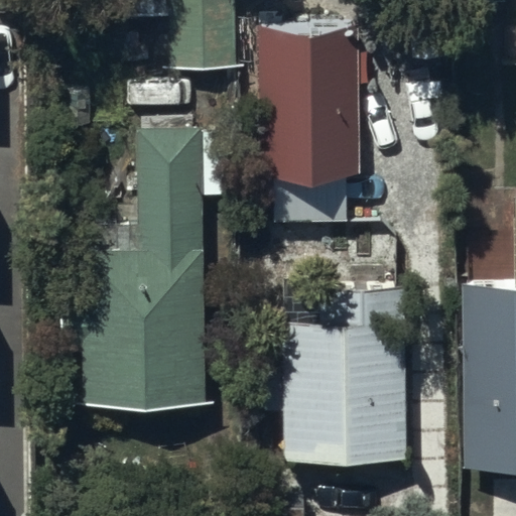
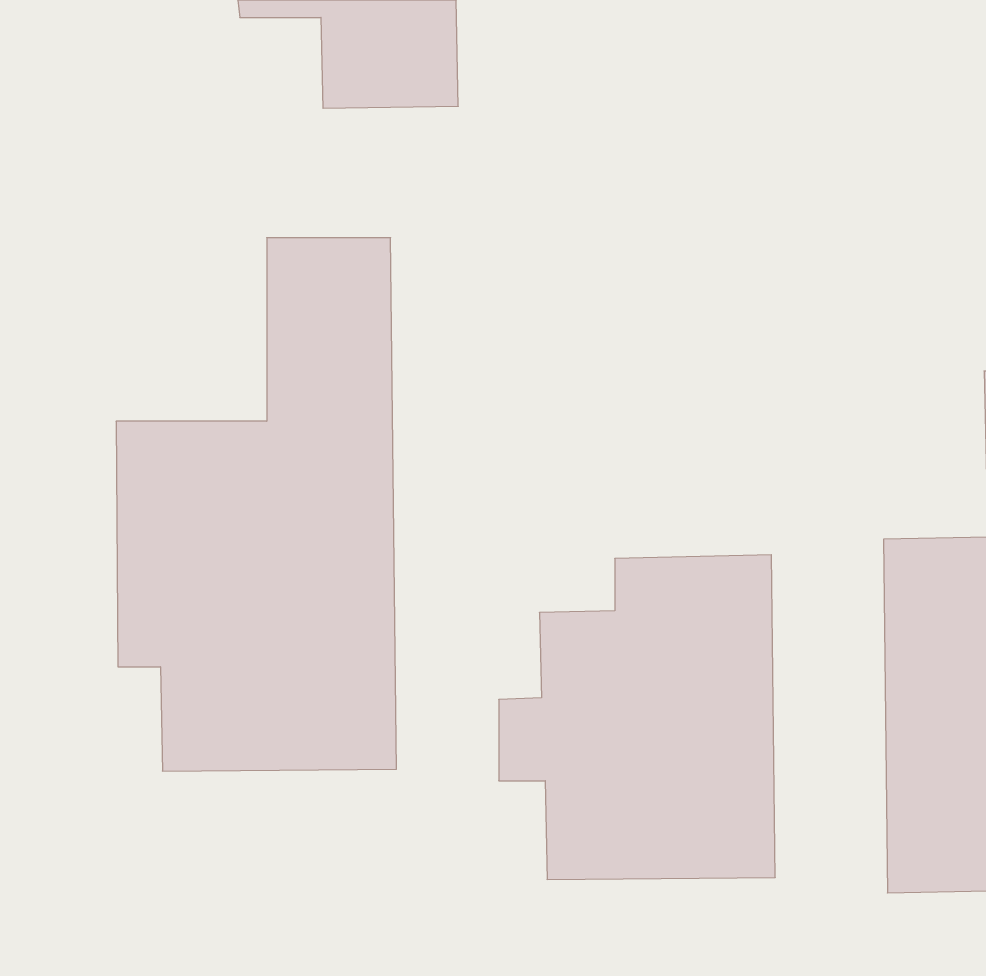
building: [260,26,361,181] -> none

